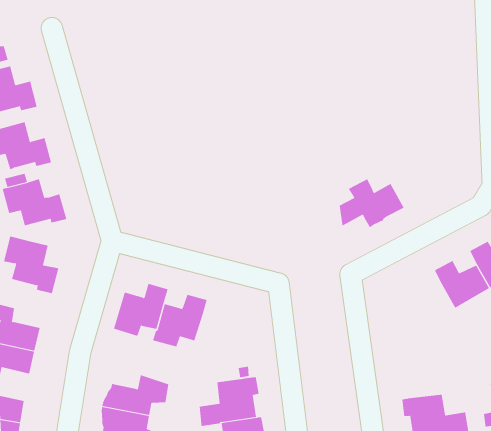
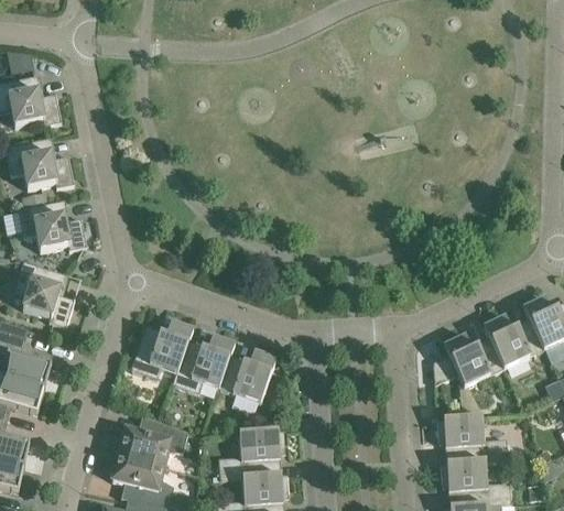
building: [339,179,405,228] -> [432,335,503,389]
building: none -> [218,350,275,403]
building: none -> [436,417,508,464]

